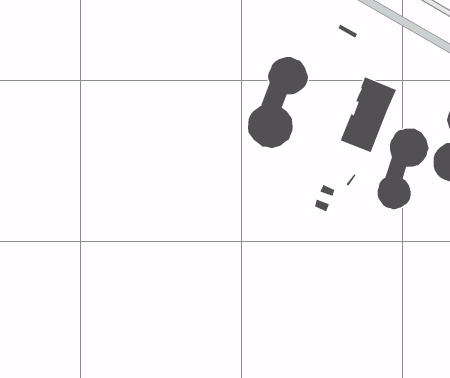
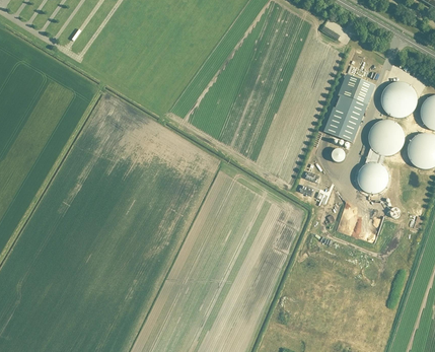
building: [247,56,309,149] -> none
building: none -> [380,81,417,117]

